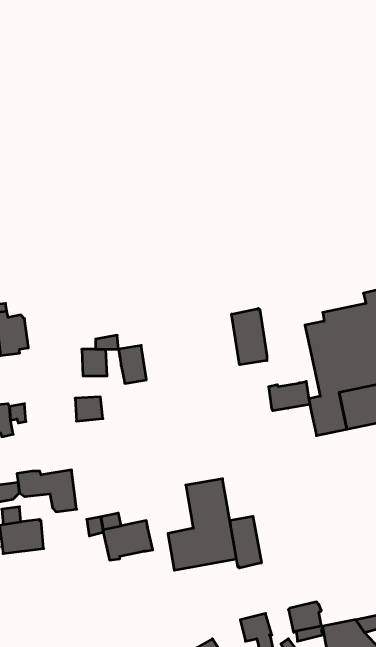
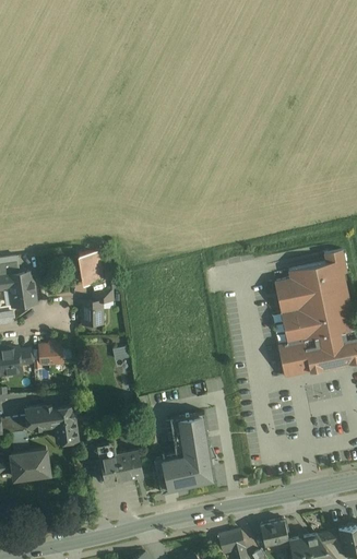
building: [232,308,267,365] -> none
building: [118,345,146,383] -> [79,251,103,284]
building: [269,381,310,411] -> none
building: [75,397,103,421] -> [39,344,63,365]
building: [230,516,261,568] -> none

